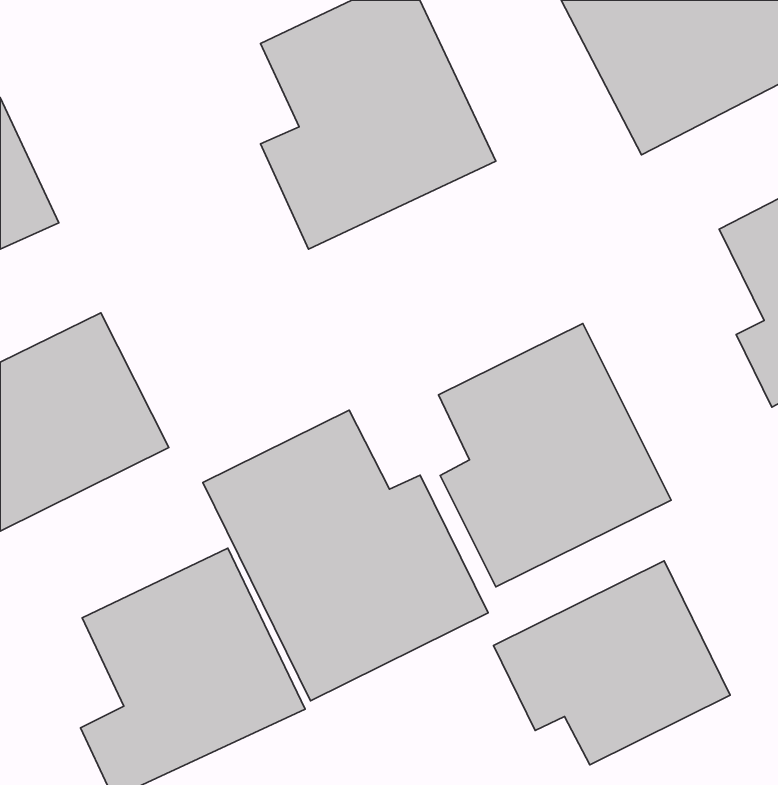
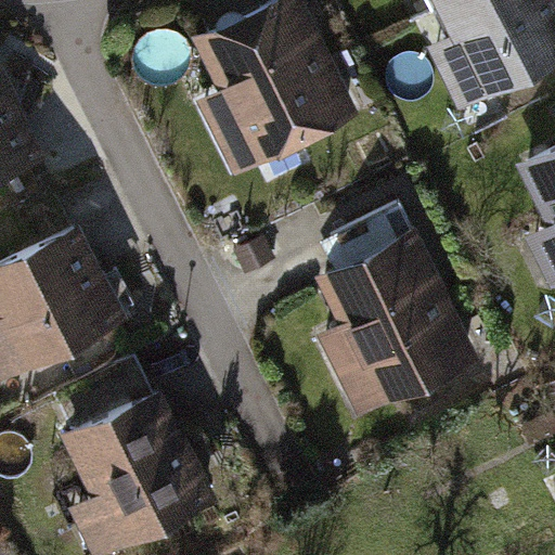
building: [203,410,488,701] -> none
building: [493,561,730,765] -> none

